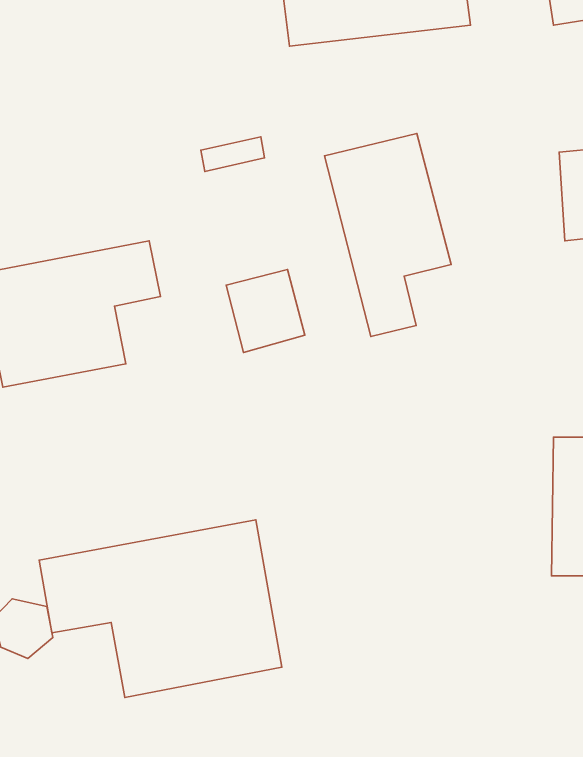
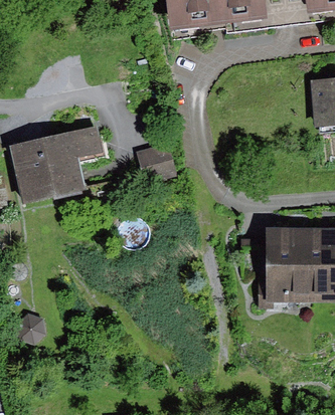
building: [324,133,451,337] -> none
building: none -> [247,228,309,301]
building: [39,520,282,697] -> none

